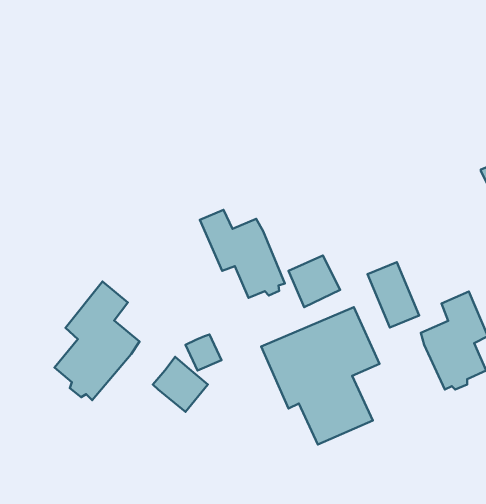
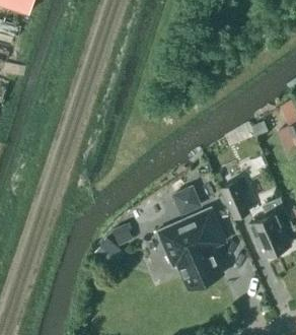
building: [200,210,285,298] -> none
building: [55,282,139,400] -> none

